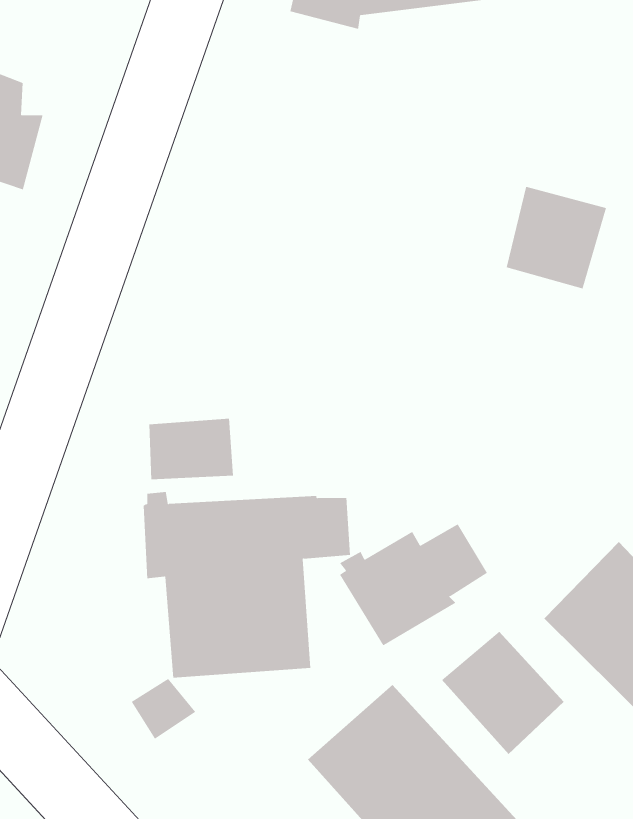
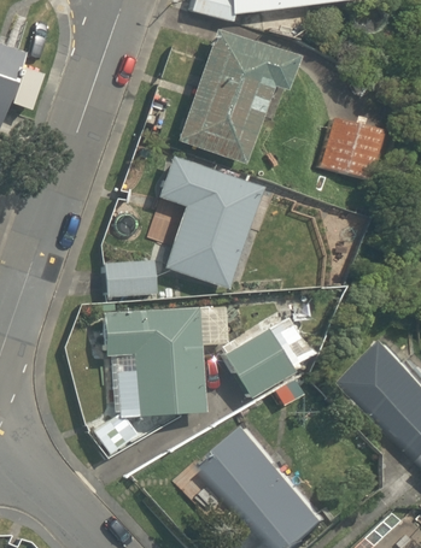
building: none -> [176,29,293,164]
building: none -> [156,155,262,288]
building: [441,631,564,755] -> none

